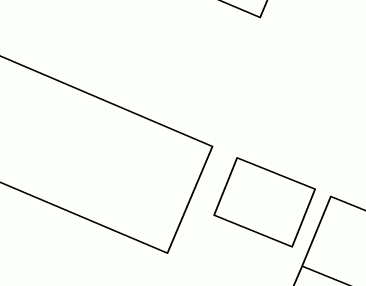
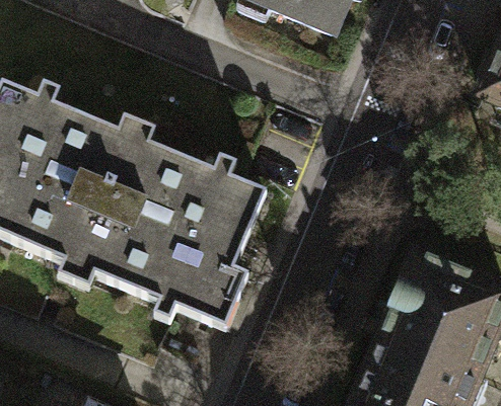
building: [214,158,315,247] -> none

